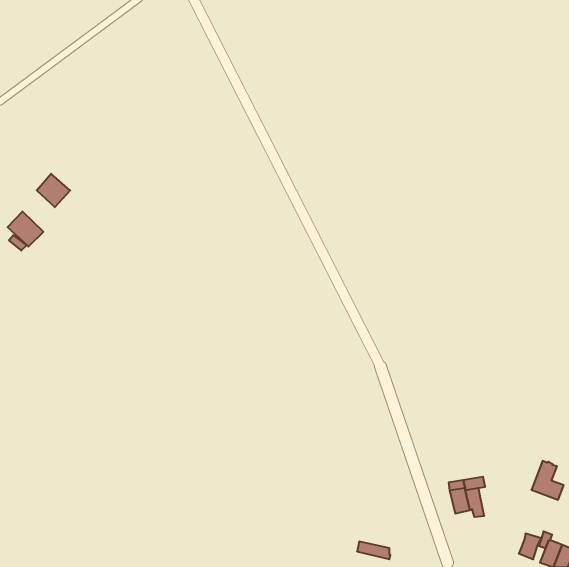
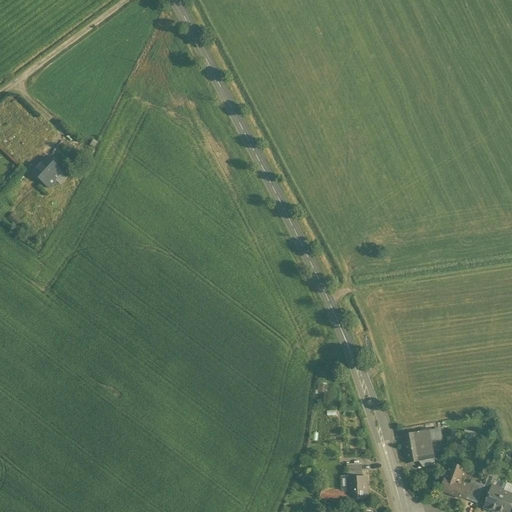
building: [8,211,43,247] -> none
building: [531,461,564,500] -> [442,462,471,497]
building: none -> [349,475,369,498]

